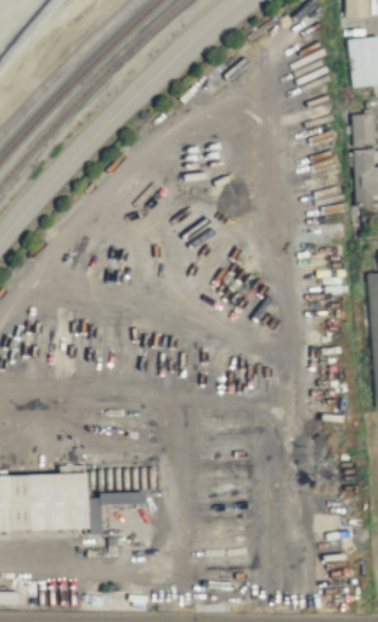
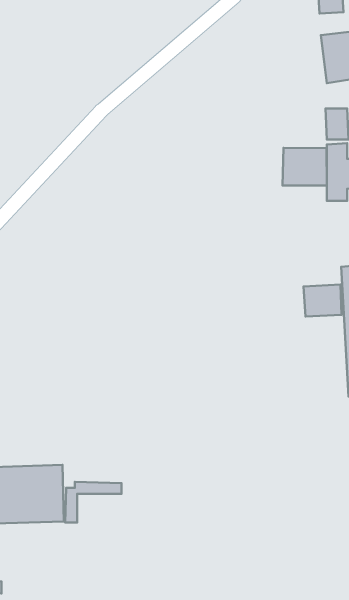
building: none -> [283,148,327,186]
building: none -> [304,285,341,317]

